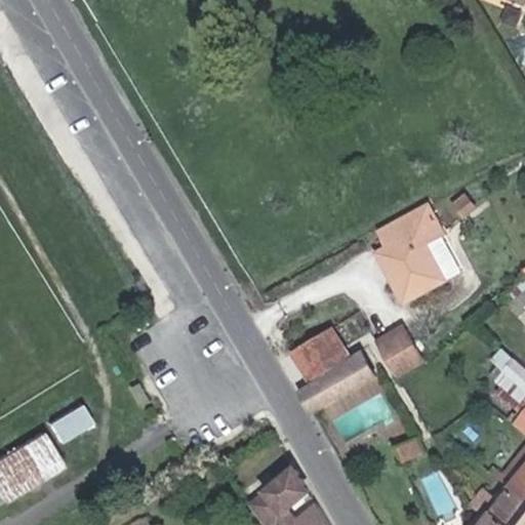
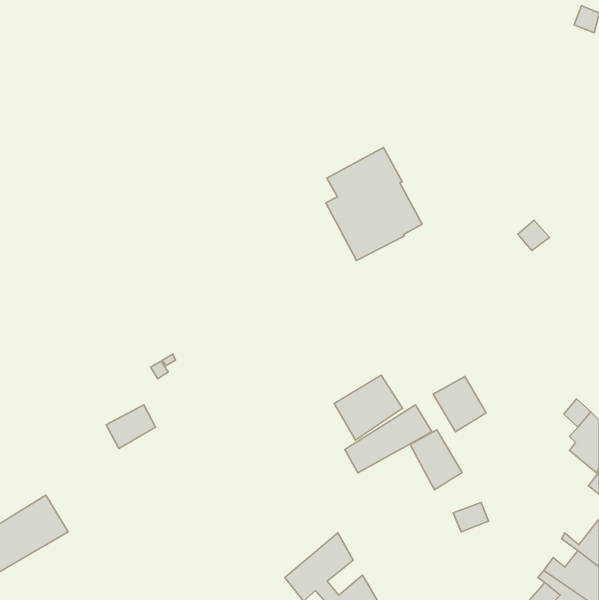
building: [377,205,461,304] -> [326,148,422,261]
building: none -> [410,430,462,490]
building: [49,403,92,441] -> [106,405,155,448]

